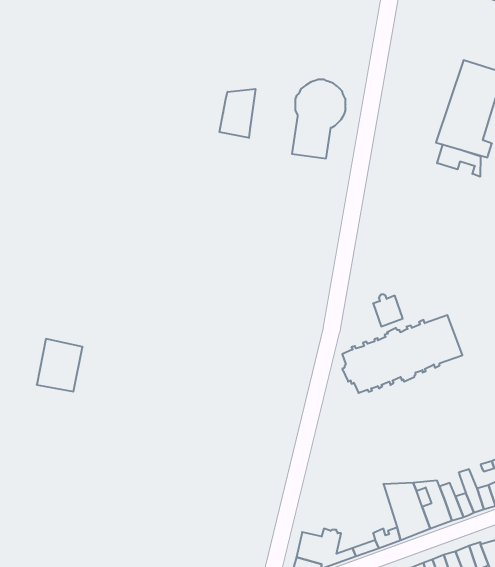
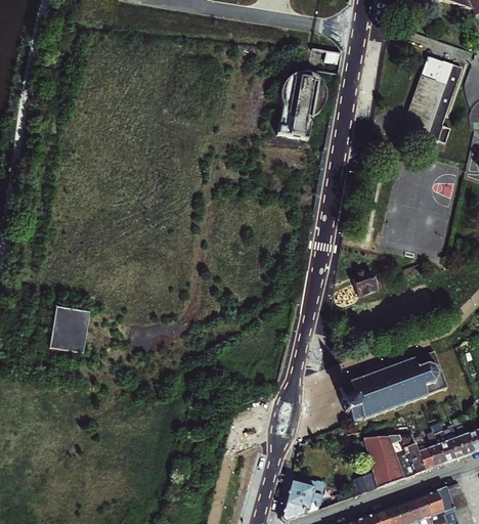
building: [219,89,255,138] -> none
building: [437,144,480,177] -> none
building: [342,315,462,393] -> [337,351,444,421]

